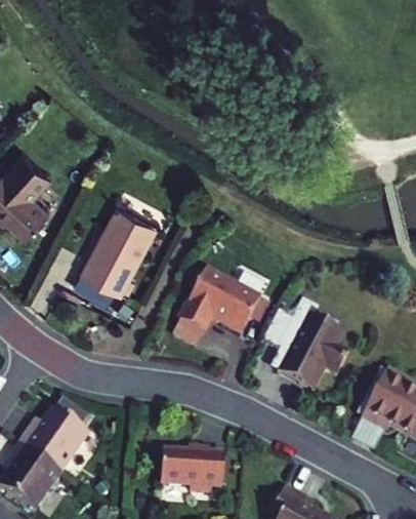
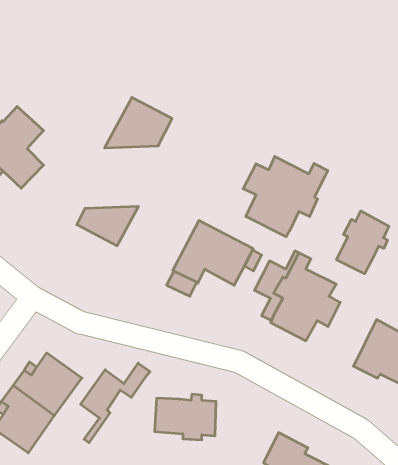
building: none -> [243,156,328,237]
building: [90,206,159,257] -> [105,97,172,148]
building: none -> [337,211,389,274]
building: none -> [81,363,150,443]

